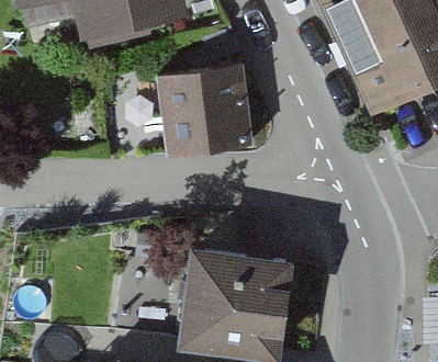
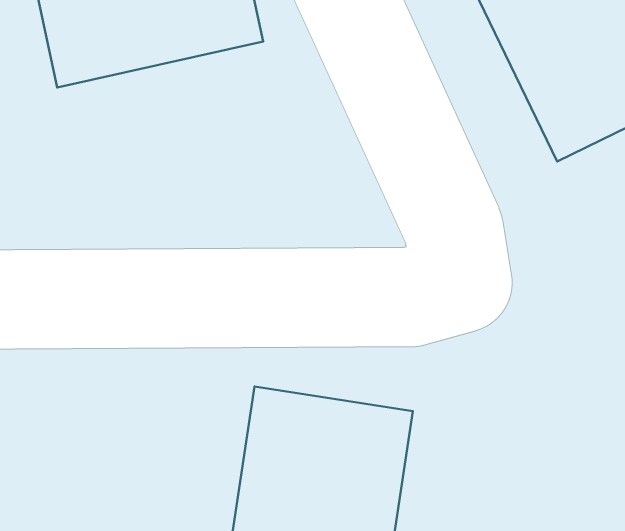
building: [154,69,245,155] -> none

